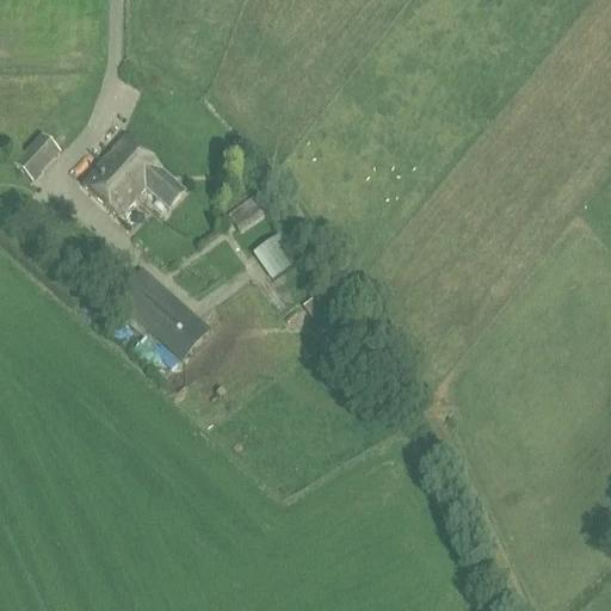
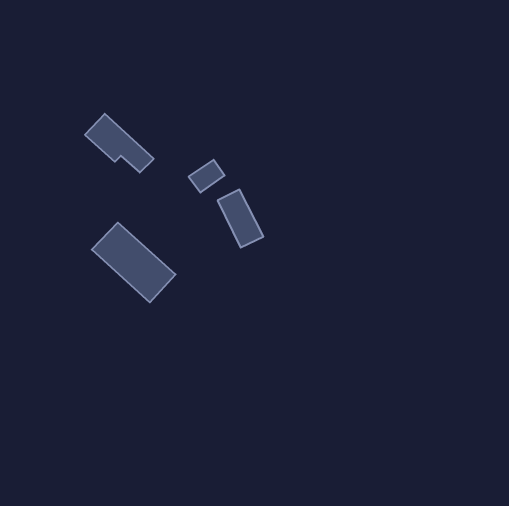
building: [13,134,58,179] -> none
building: [81,161,137,216] -> none

